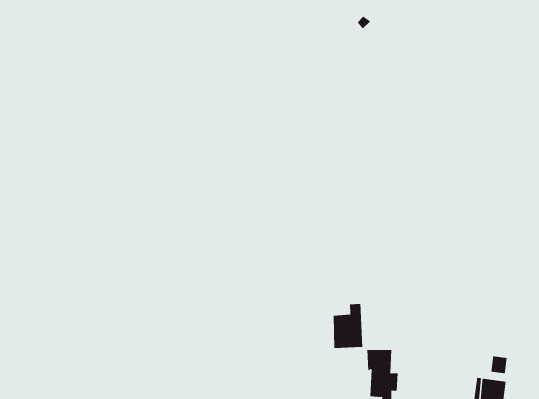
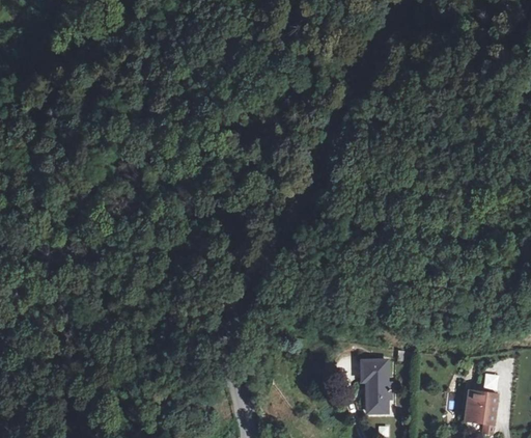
building: [333,303,363,349] -> none

